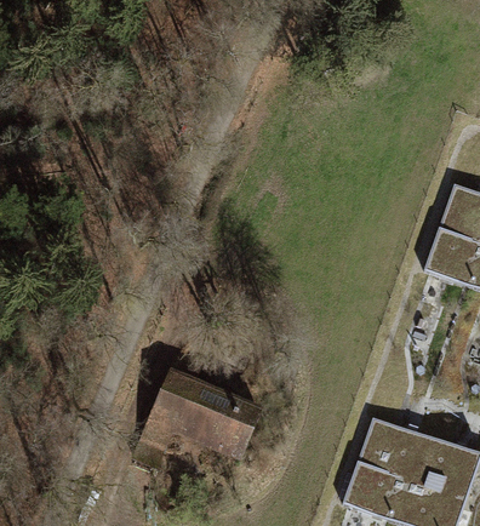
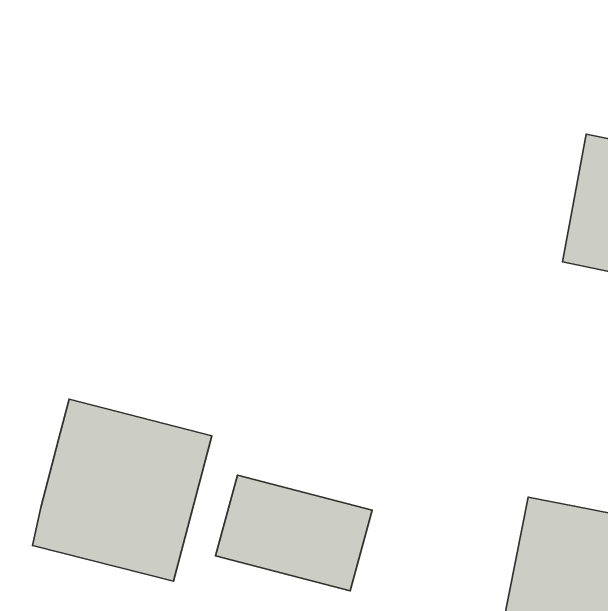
building: none -> [32,399,212,581]

